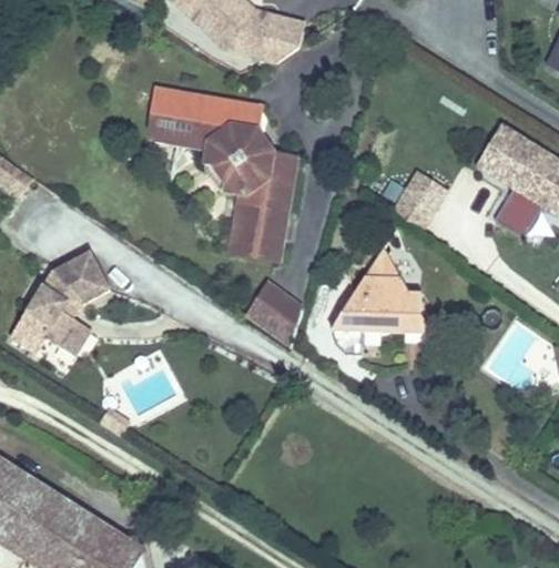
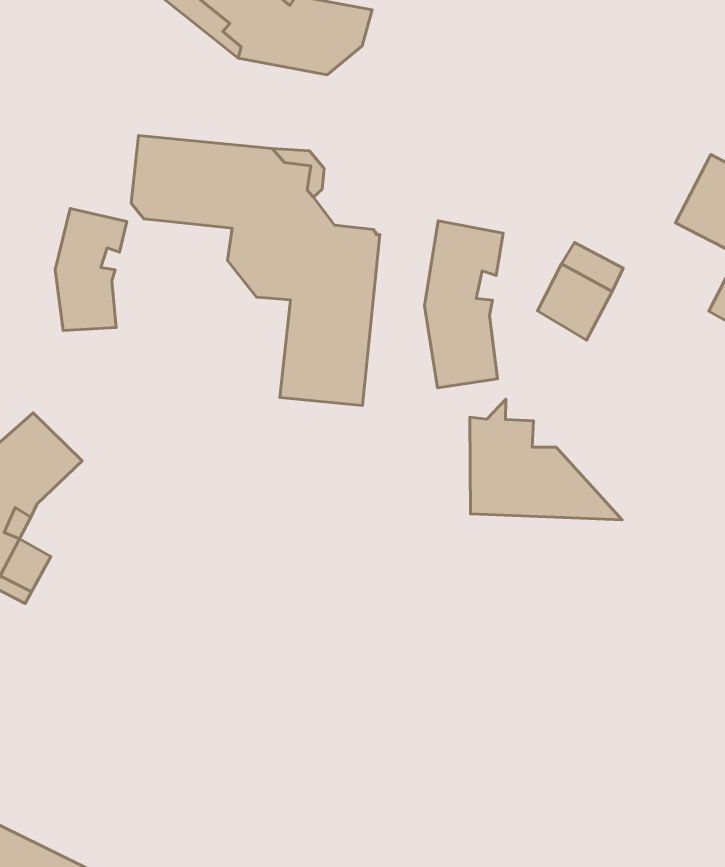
building: none -> [55,209,127,330]
building: none -> [425,221,503,388]
building: [241,275,299,339] -> none

